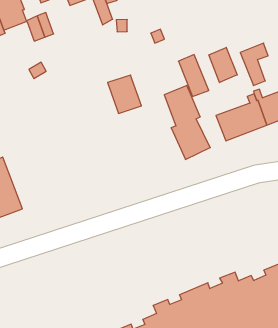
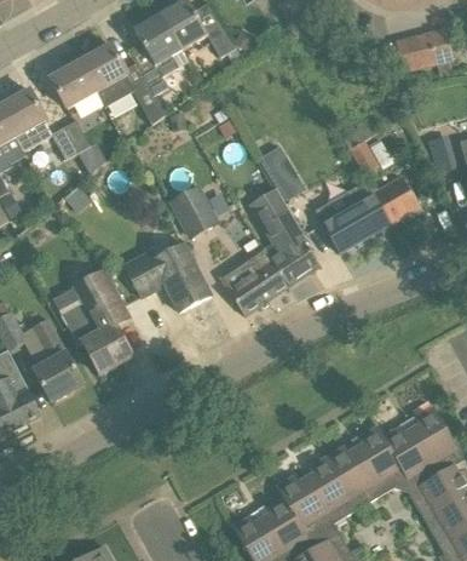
building: [209,47,237,83] -> none
building: none -> [122,245,209,310]
building: none -> [59,268,132,373]
building: none -> [219,246,288,315]

